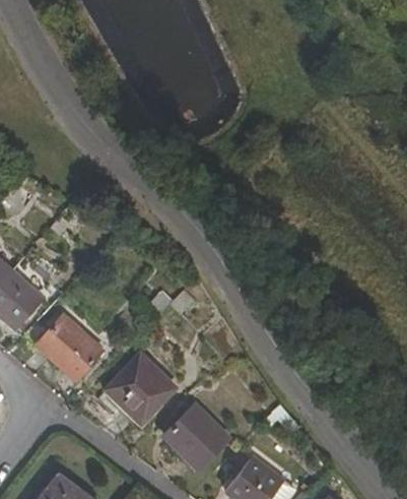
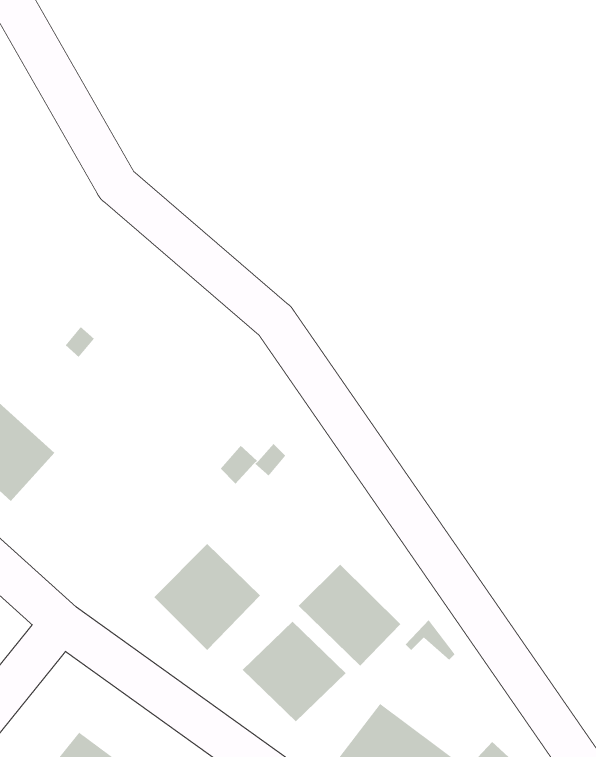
building: [25,306,101,380] -> none
building: none -> [298,564,401,666]

